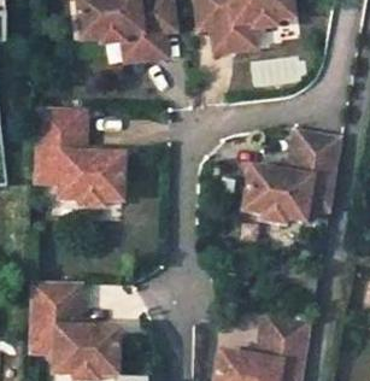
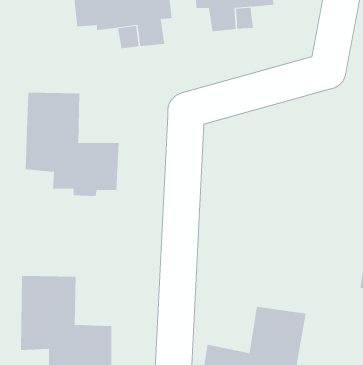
building: [241,128,341,229] -> none

